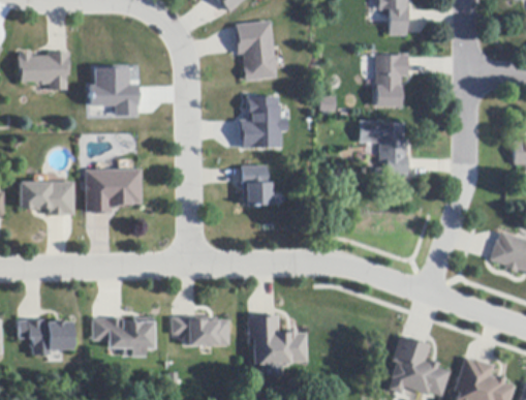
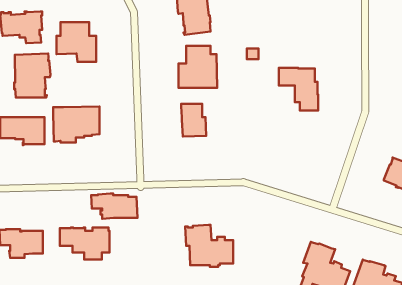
building: [376,54,409,106] -> none
building: none -> [14,54,51,98]
building: [171,315,227,346] -> [91,194,137,219]

